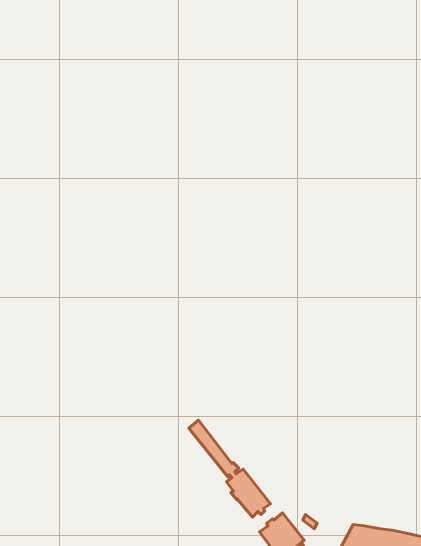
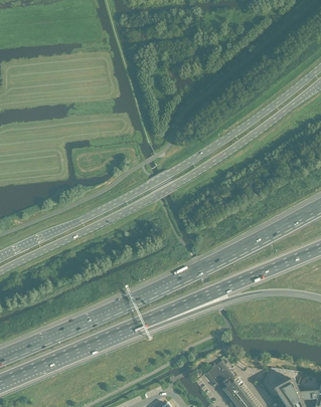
building: [189,420,270,517] -> none

